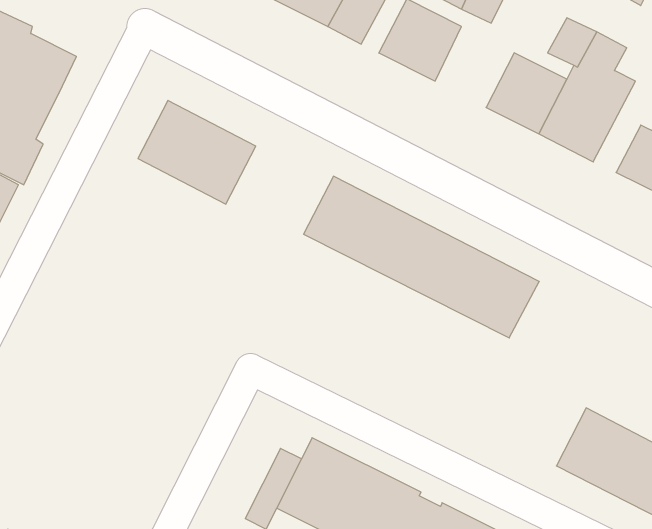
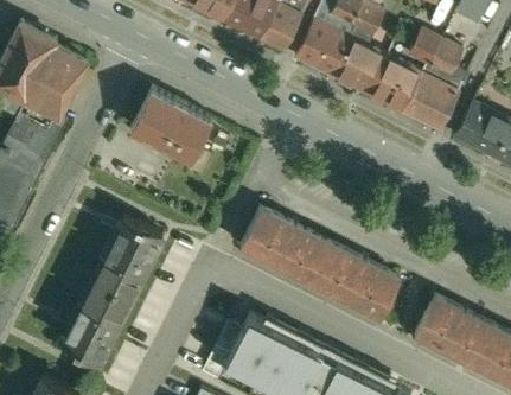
building: none -> [332,40,385,95]
building: [304,176,539,338] -> [241,210,400,319]
building: none -> [63,218,164,364]

